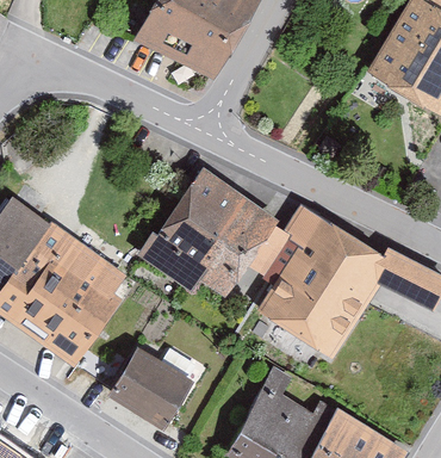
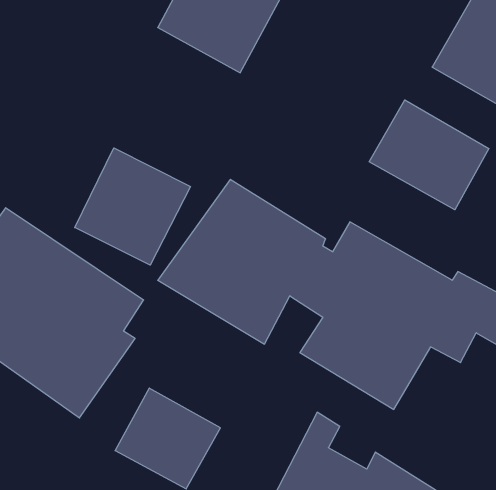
building: none -> [369,100,489,210]
building: none -> [75,148,190,265]

